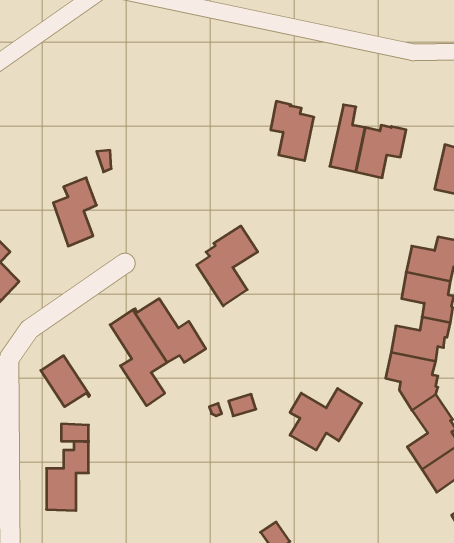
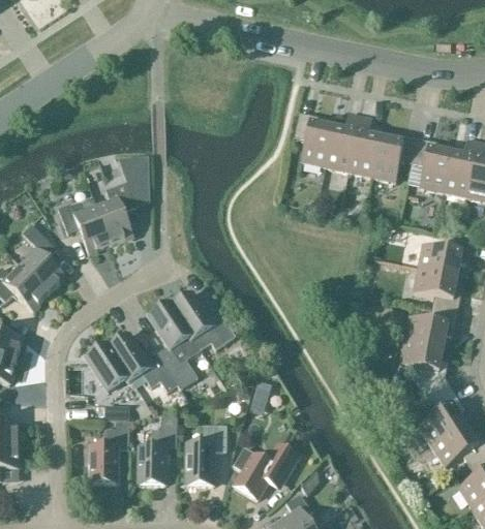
building: none -> [325,114,360,172]
building: none -> [412,138,452,192]
building: none -> [58,204,110,252]
building: [197,226,258,306] -> none
building: none -> [105,333,181,392]
building: [290,388,362,450] -> [233,443,298,499]
building: none -> [138,414,177,484]
building: none -> [185,425,226,485]

